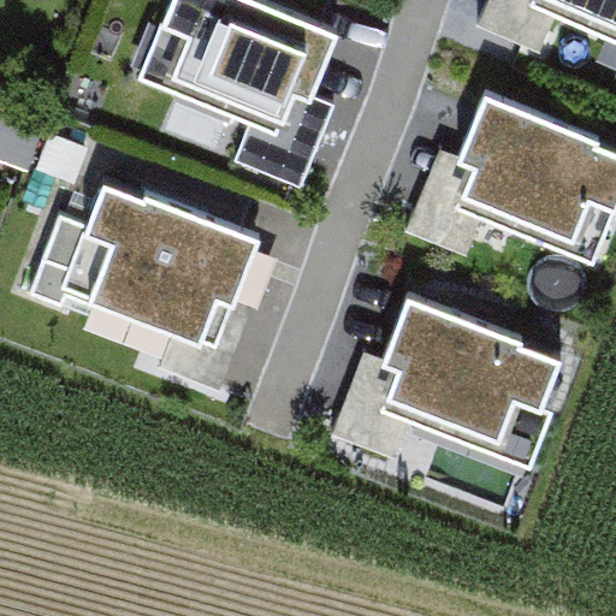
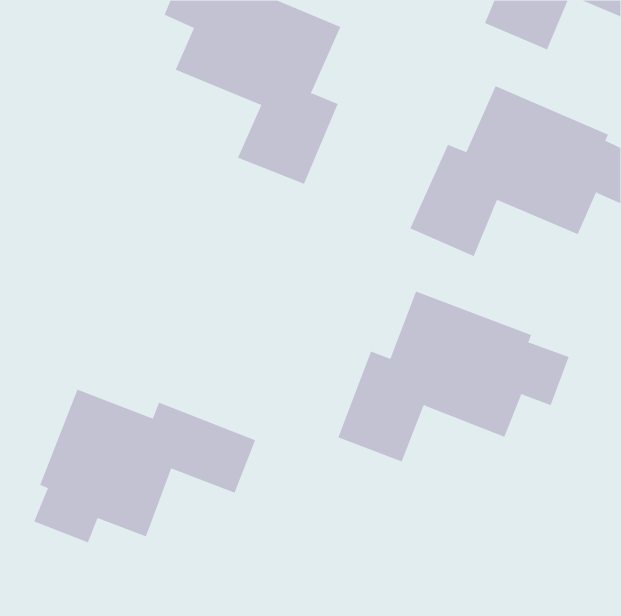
building: [28,184,257,396] -> none
building: none -> [34,389,256,543]

